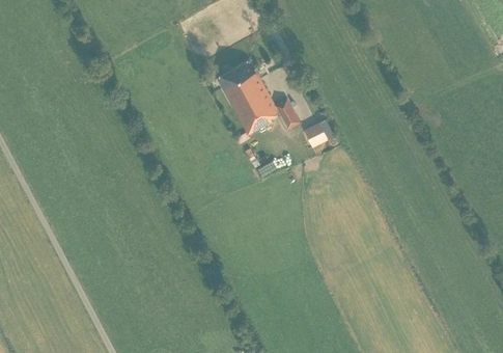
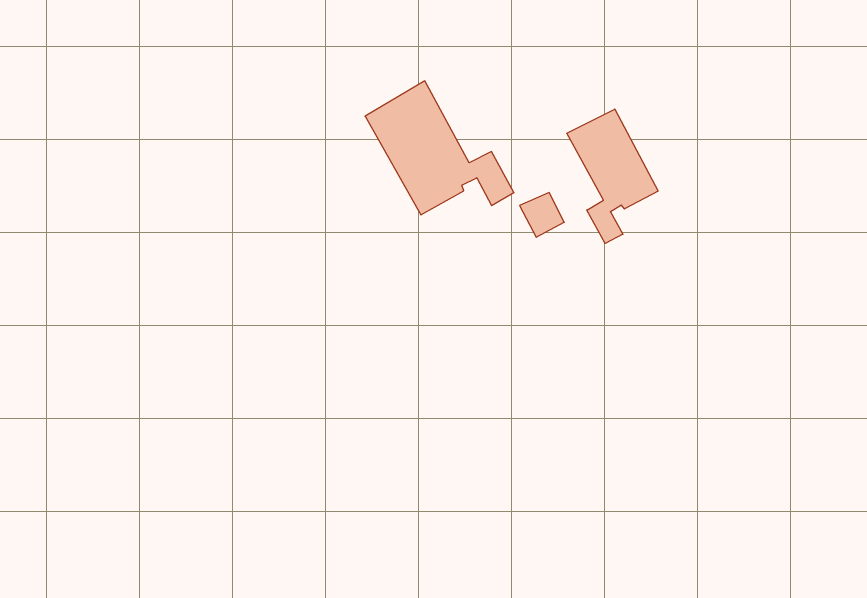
building: none -> [567,109,658,243]

